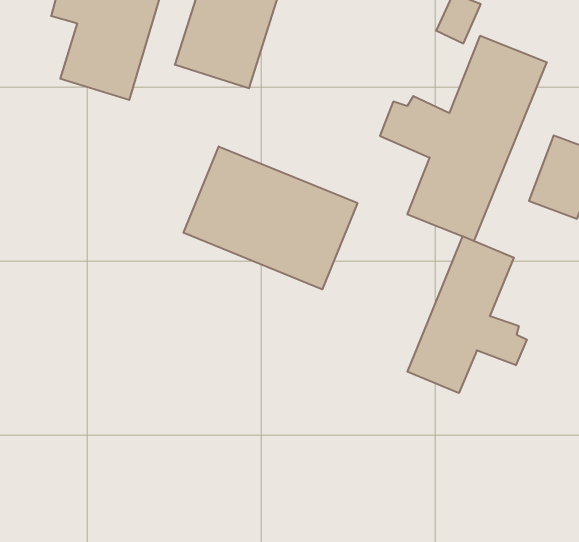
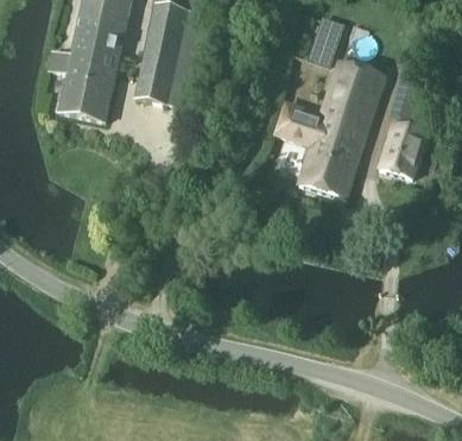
building: [184,146,357,289] -> none
building: [407,236,527,393] -> none

